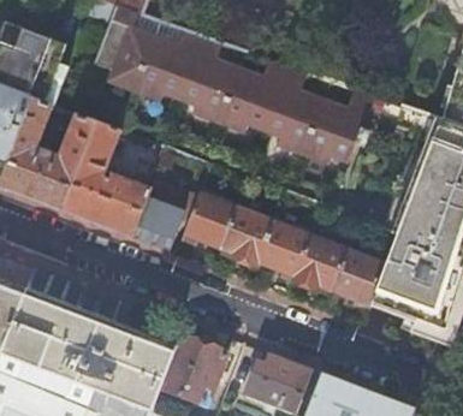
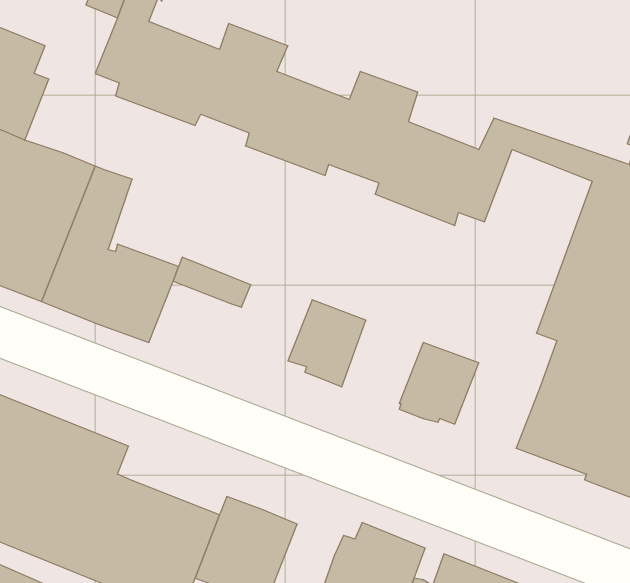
building: [184,194,237,248] -> none
building: [131,196,184,250] -> none
building: [256,221,309,275] -> none
building: [330,249,385,304] -> none

